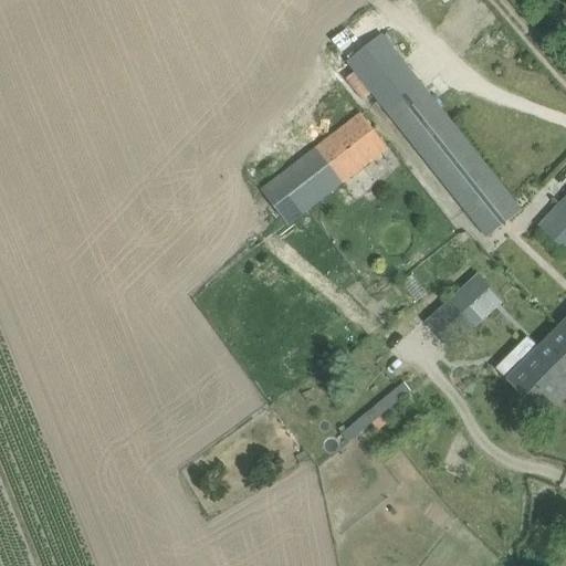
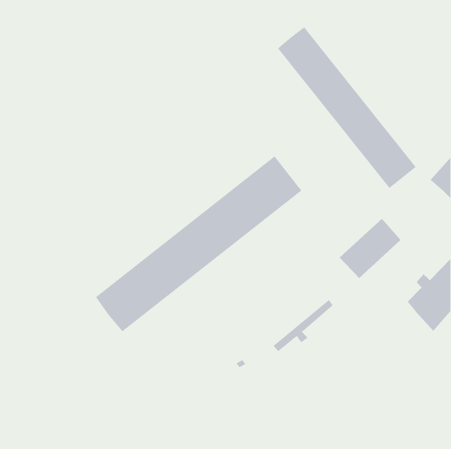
building: [259,111,386,224] -> none
building: none -> [95,156,302,332]

